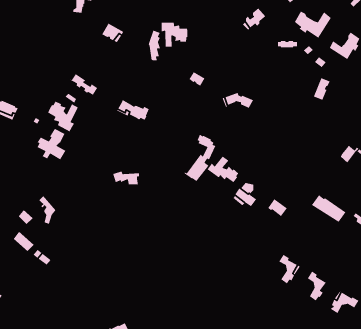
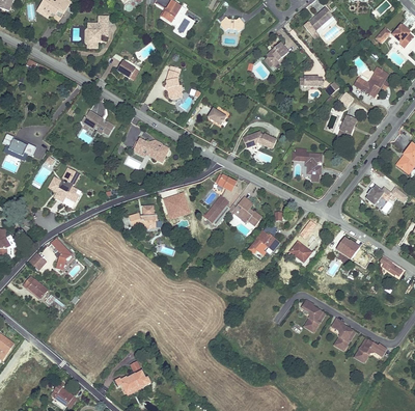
building: [294,10,332,39] -> none
building: [161,22,188,47] -> none
building: [47,101,79,133] -> none
building: none -> [292,147,322,173]
building: none -> [163,192,188,217]

